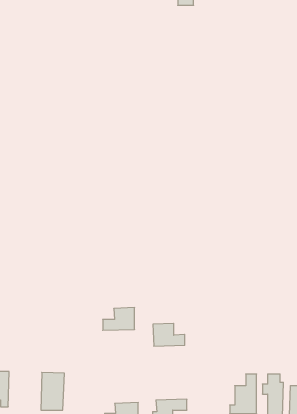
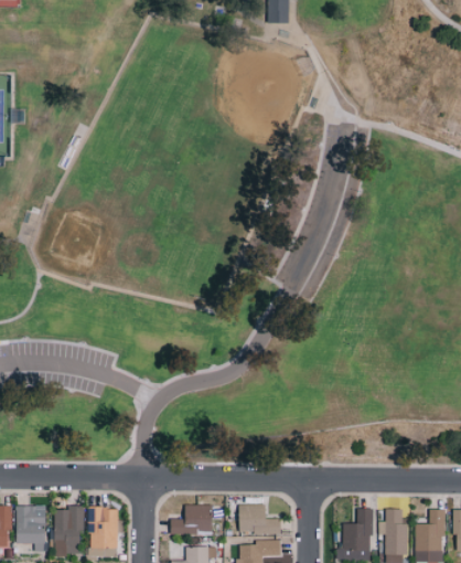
building: [103,308,135,330] -> [171,504,213,534]
building: [153,323,185,346] -> [239,504,281,534]
building: none -> [54,507,83,555]

